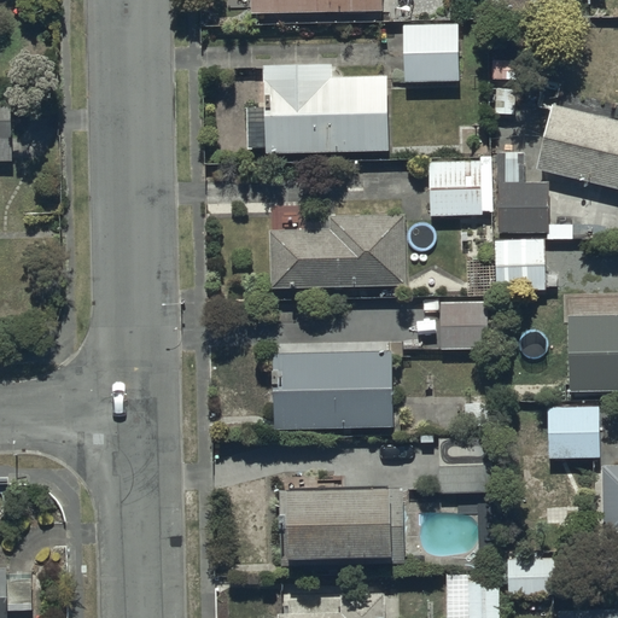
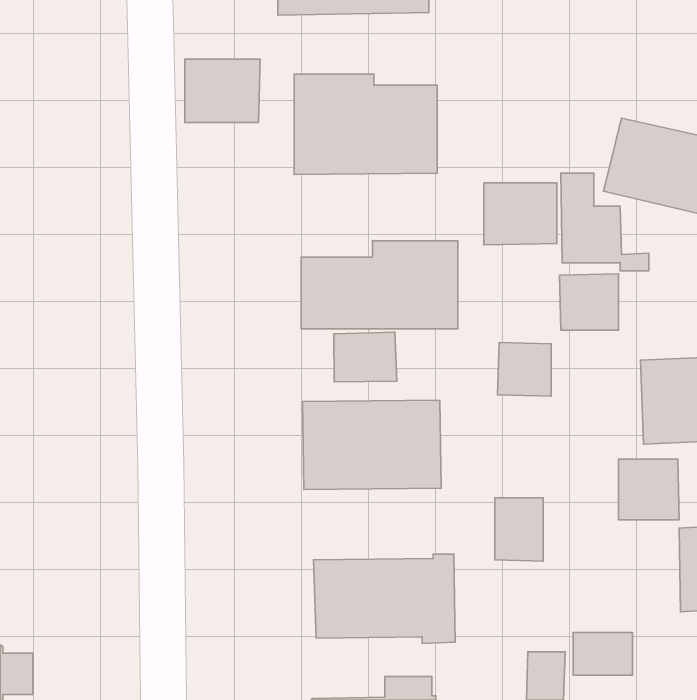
building: [402,22,460,100] -> none
building: none -> [185,59,260,122]
building: none -> [334,332,397,382]

